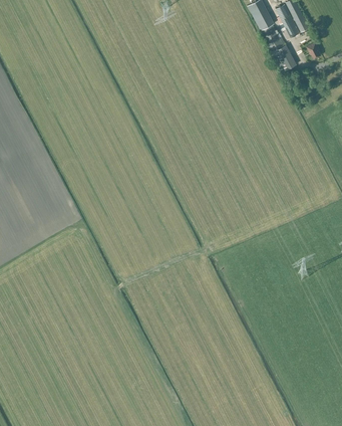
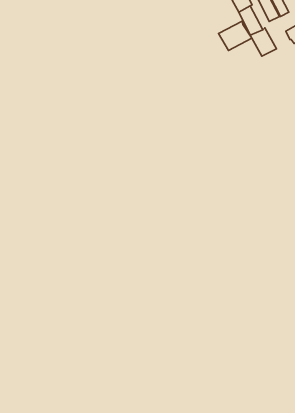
building: none -> [219,21,252,51]

